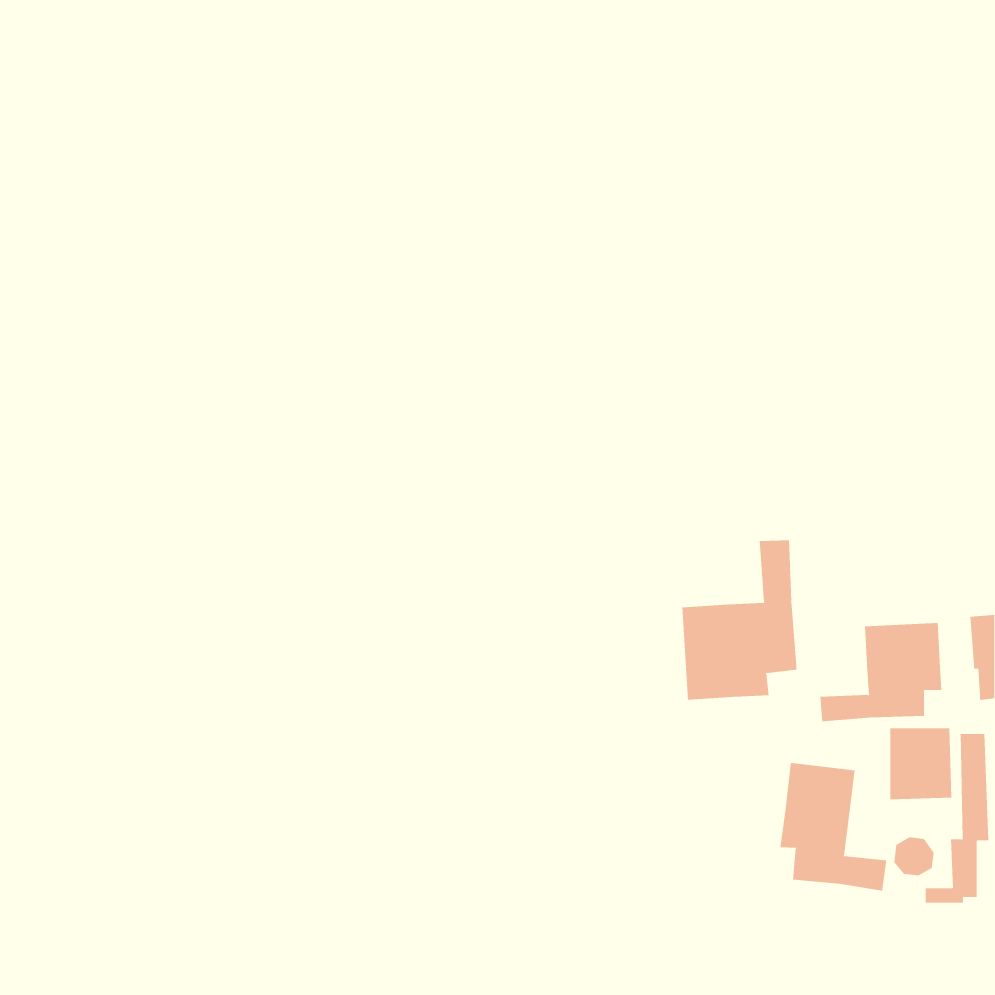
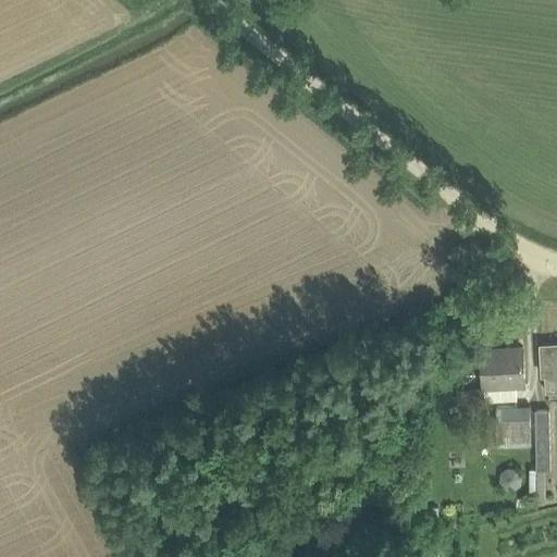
building: [682,540,797,700] -> none
building: [780,762,887,891] -> none

